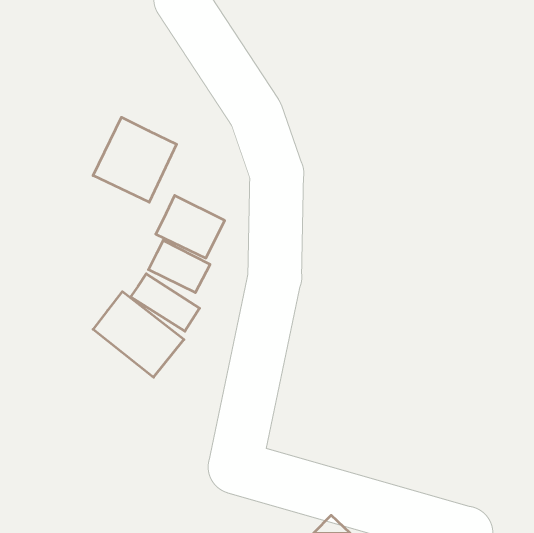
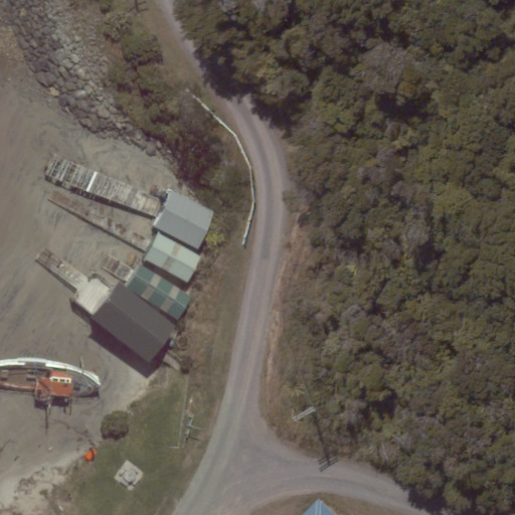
building: [93,117,177,202] -> none

